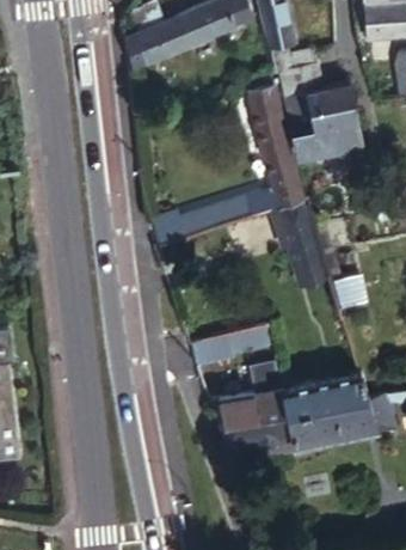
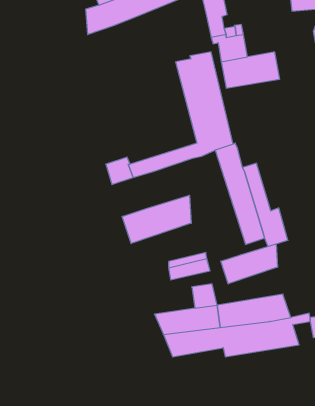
building: [293,120,361,158] -> none
building: none -> [122,195,191,244]
building: none -> [221,244,278,284]

